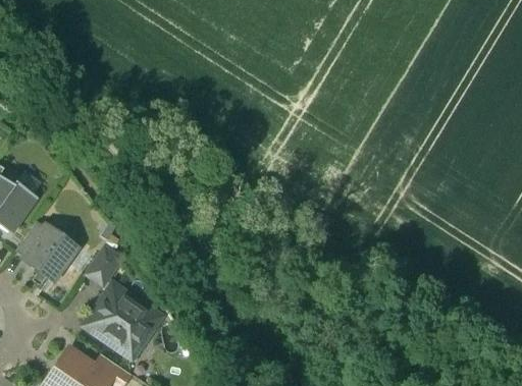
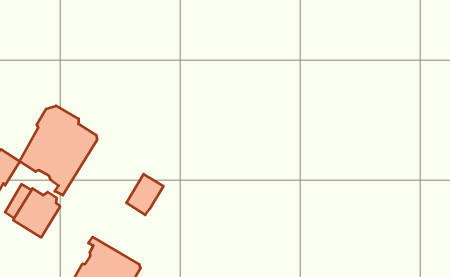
building: none -> [19,106,97,195]
building: [84,245,124,289] -> [126,174,163,215]

